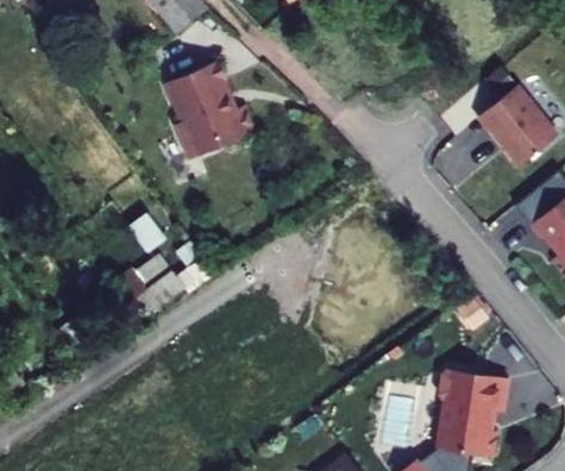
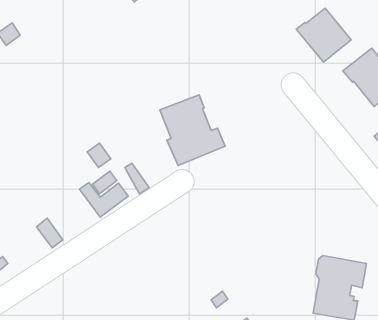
building: none -> [296,8,351,62]
building: [163,62,252,158] -> [160,95,225,165]

